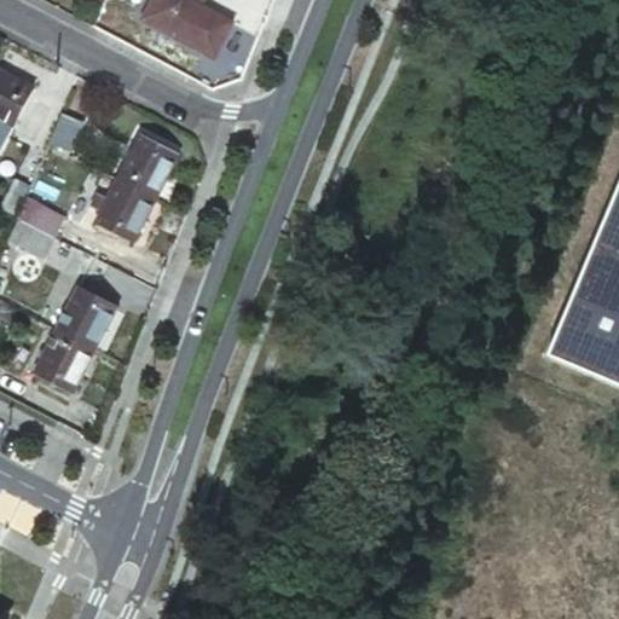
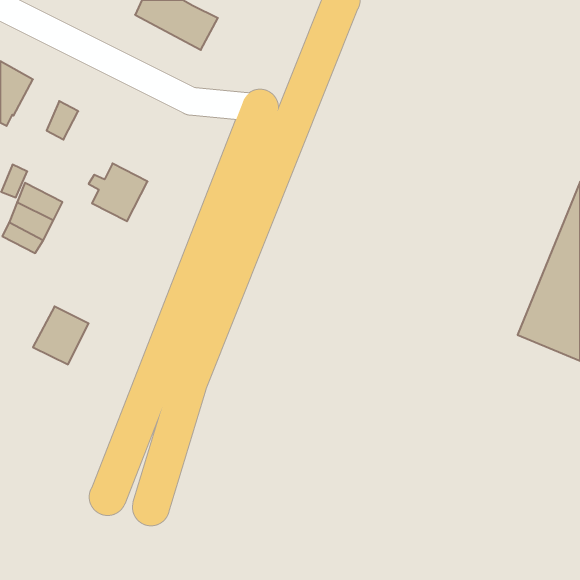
building: [120,134,177,193] -> none
building: [58,285,115,345] -> none

